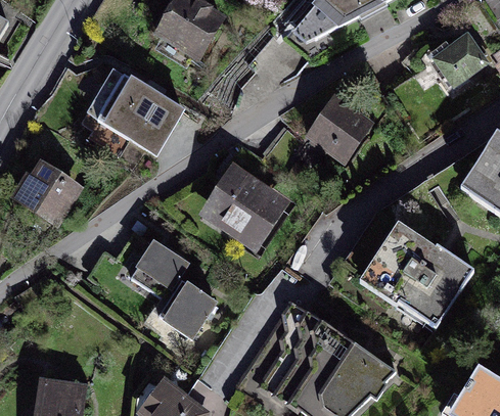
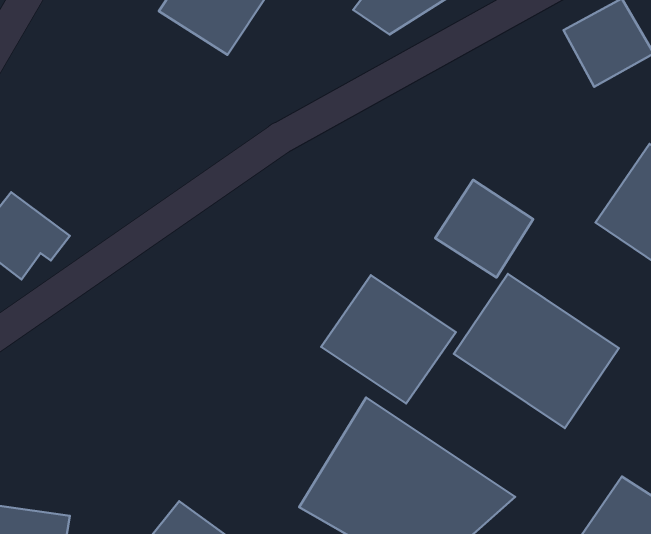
building: [94,73,184,155] -> none
building: [307,95,375,164] -> [435,180,533,277]
building: [200,163,294,252] -> [321,275,456,404]
building: [126,238,215,344] -> none

